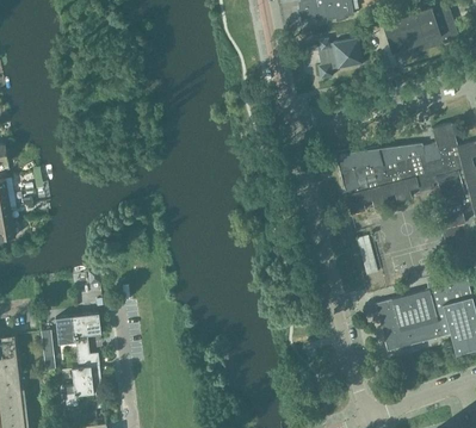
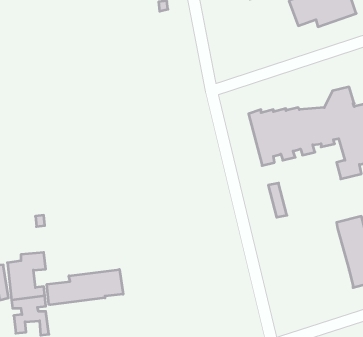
building: [303,38,363,79] -> none
building: [375,286,451,351] -> none
building: none -> [47,269,123,305]

